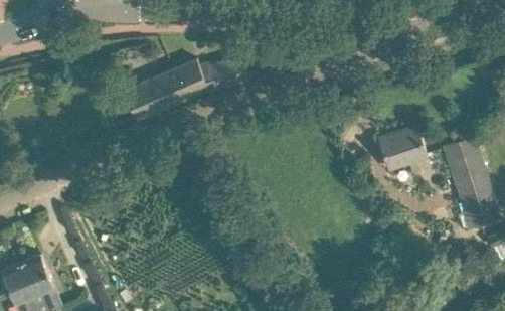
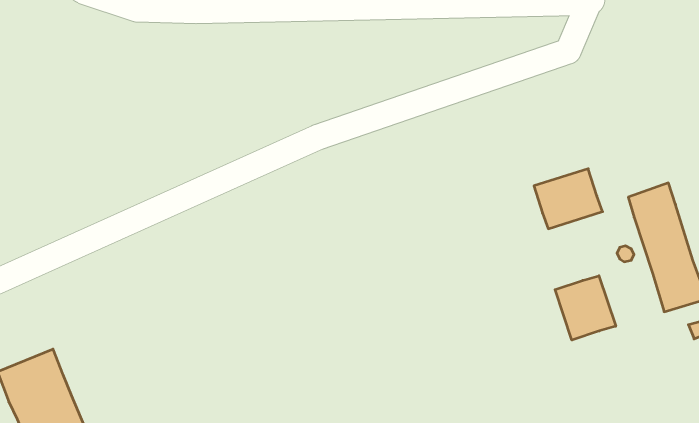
building: [124,57,246,120] -> none
building: none -> [555,276,616,340]

